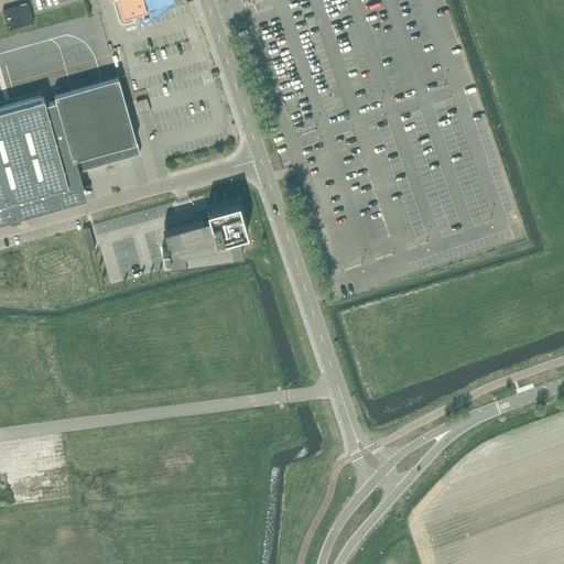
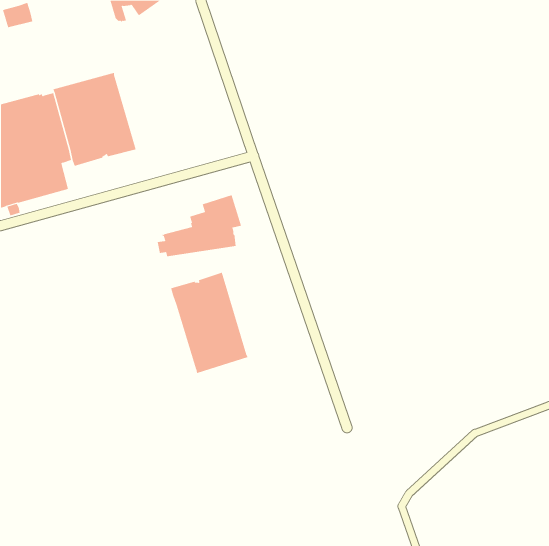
building: none -> [170,272,249,374]

